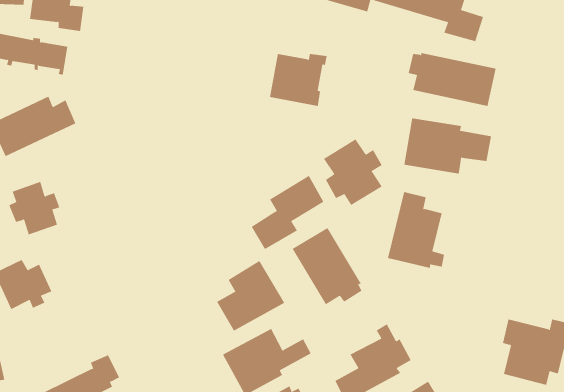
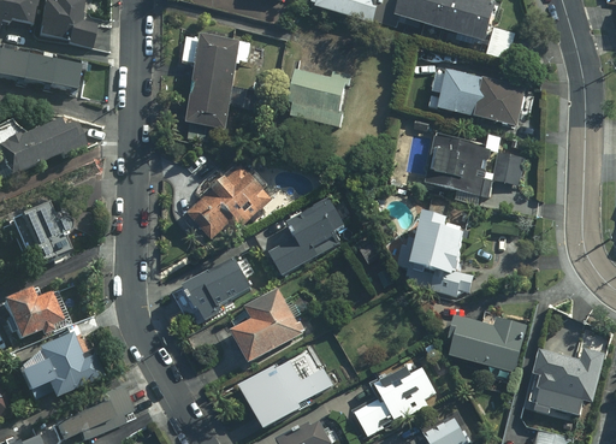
building: none -> [180,34,248,128]
building: [323,138,383,206] -> none
building: none -> [189,165,270,239]
building: [292,227,362,305] -> none
building: none -> [185,259,254,319]
building: none -> [448,314,523,393]
building: none -> [18,332,100,397]

